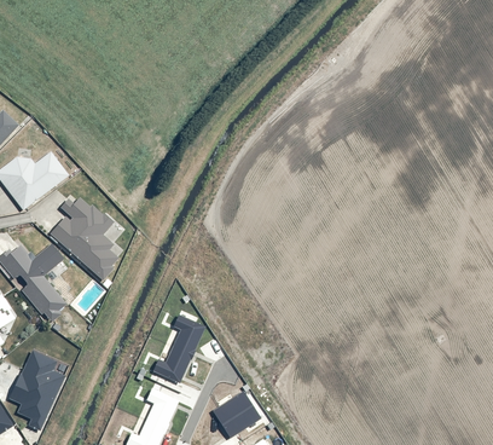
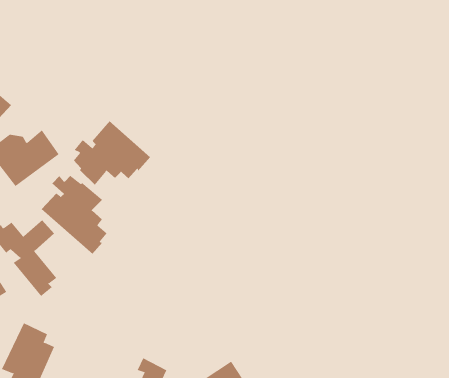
building: none -> [73,120,151,185]
building: [155,312,207,381] -> none

